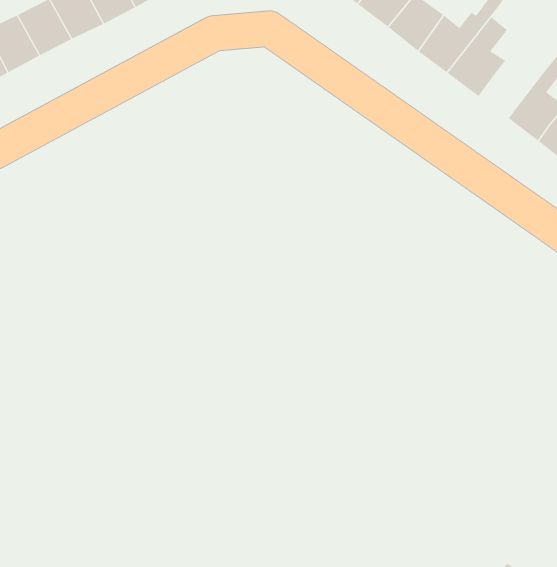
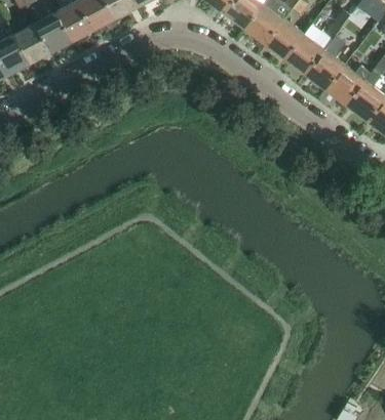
building: none -> [326,65,370,103]

